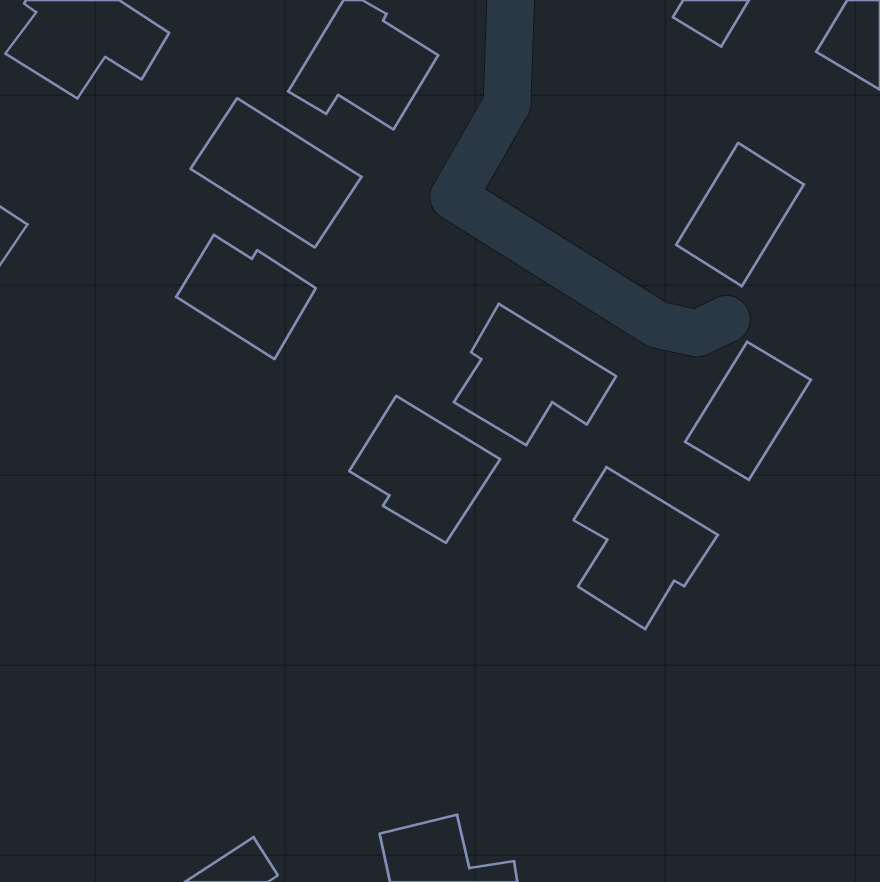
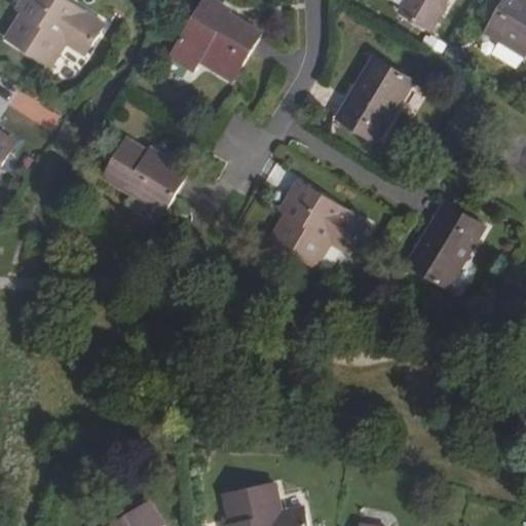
building: [191,98,362,247] -> none
building: [676,143,804,286] -> [336,57,412,142]
building: [349,396,500,543] -> none
building: [574,467,718,629] -> none

